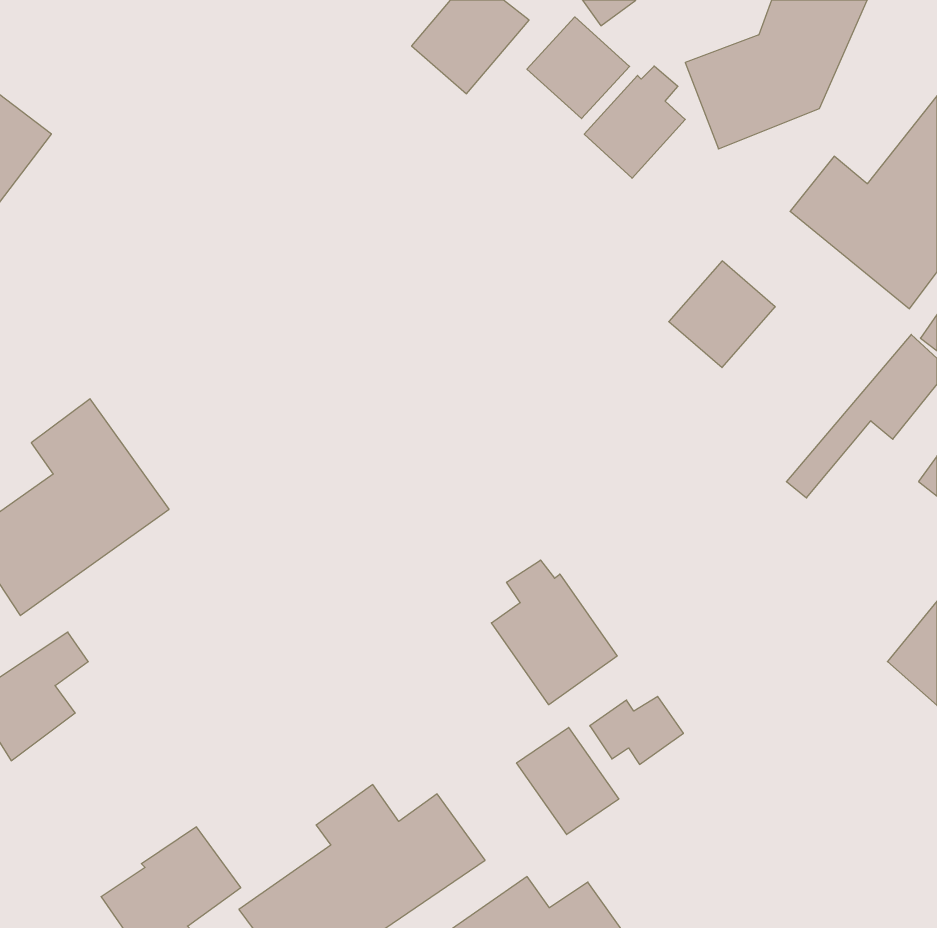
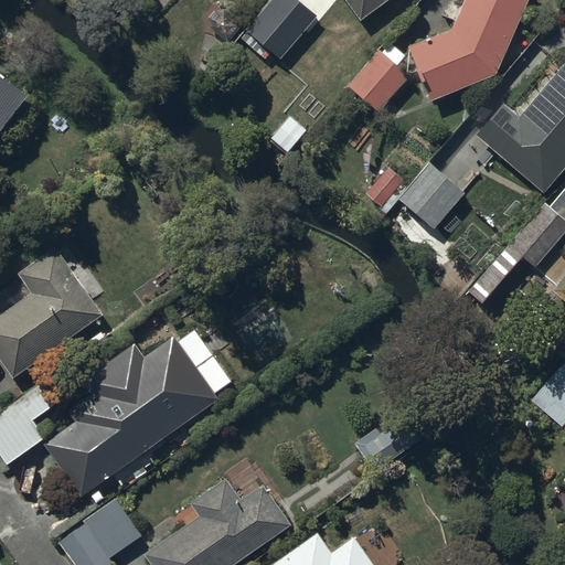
building: [527,17,630,119] -> none
building: none -> [44,337,217,494]
building: [491,560,617,705] -> none
building: [517,727,619,835] -> none

